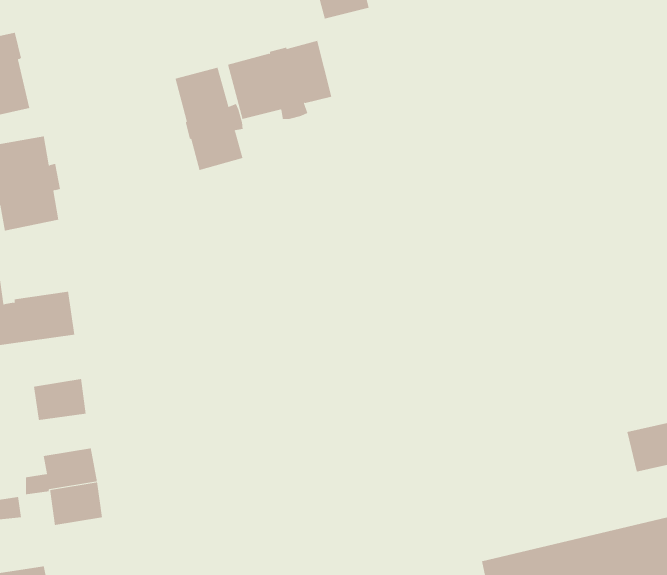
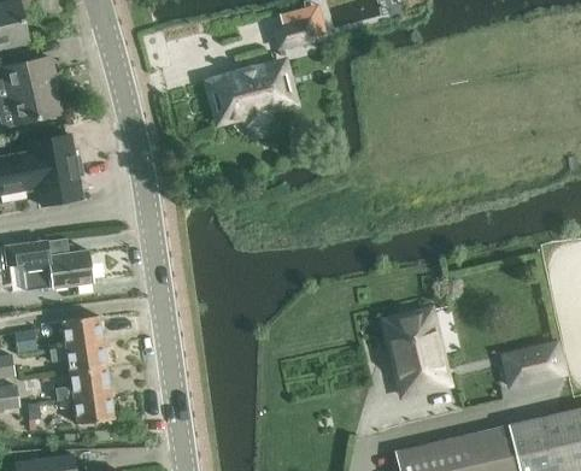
building: [175,67,243,171] -> none
building: none -> [383,310,447,396]
building: none -> [49,342,105,373]

